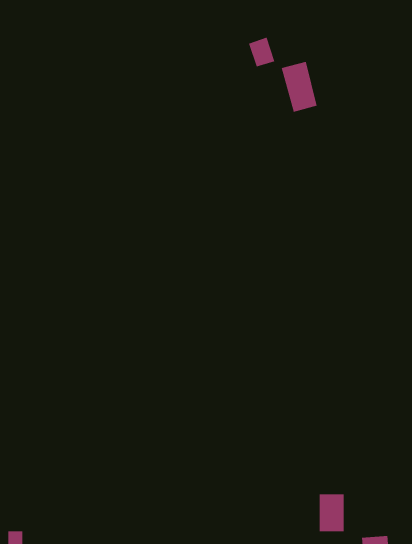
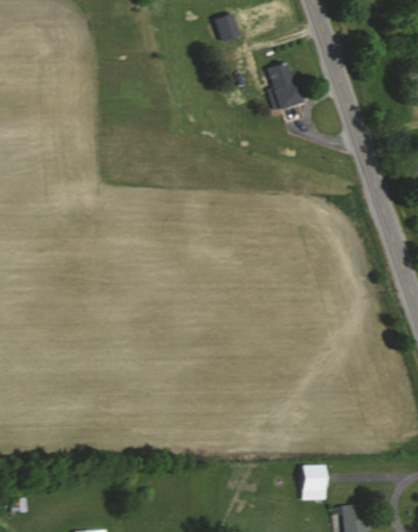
building: [248,37,275,67] -> [215,14,240,42]

